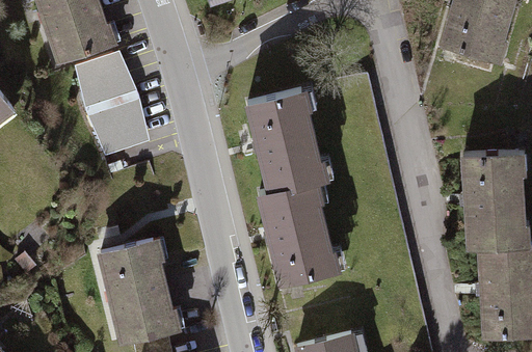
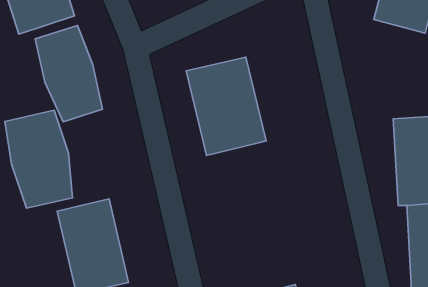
building: none -> [5,110,72,208]
building: [255,181,338,286] -> none

